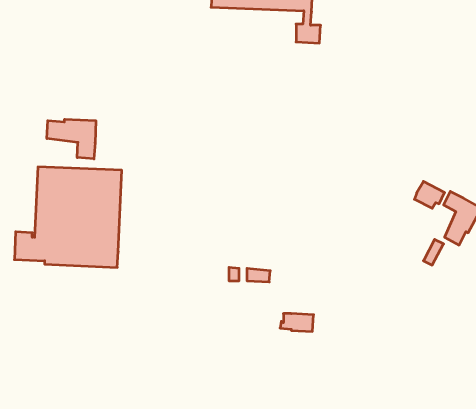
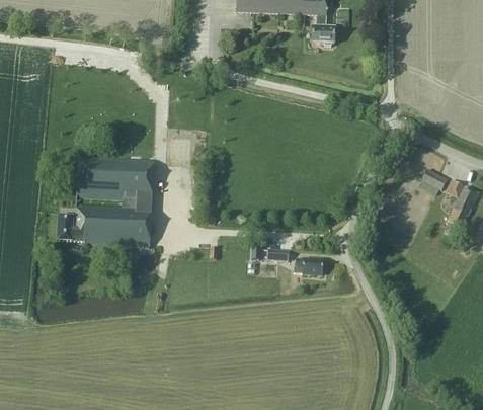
building: [47,119,96,159] -> none
building: [280,314,314,331] -> [293,258,323,274]

